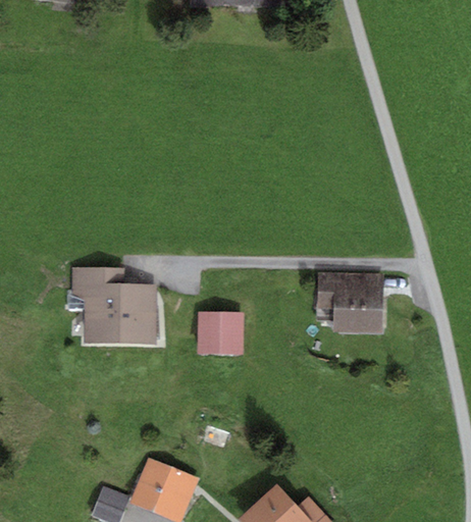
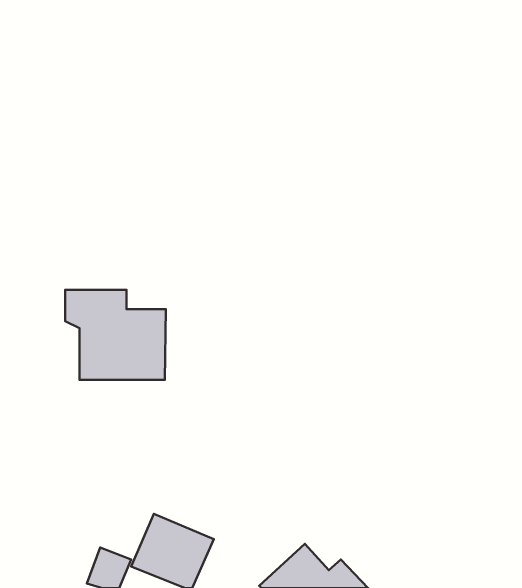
building: [318,274,383,334] -> none
building: [197,312,243,355] -> none

